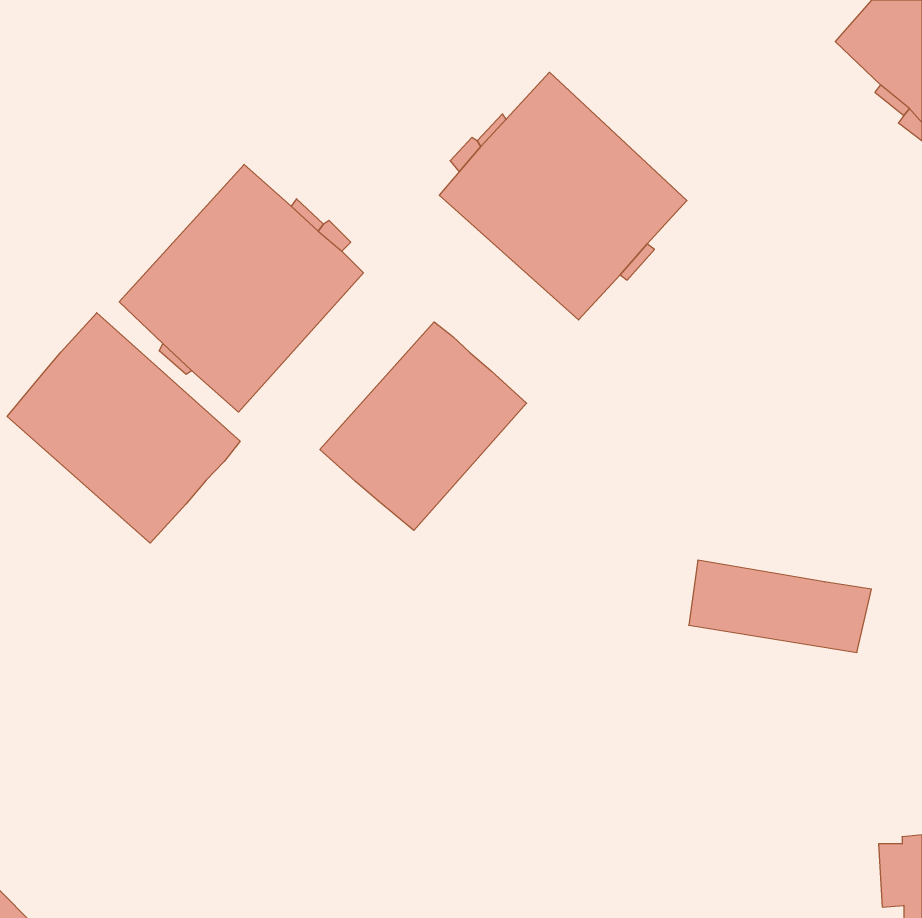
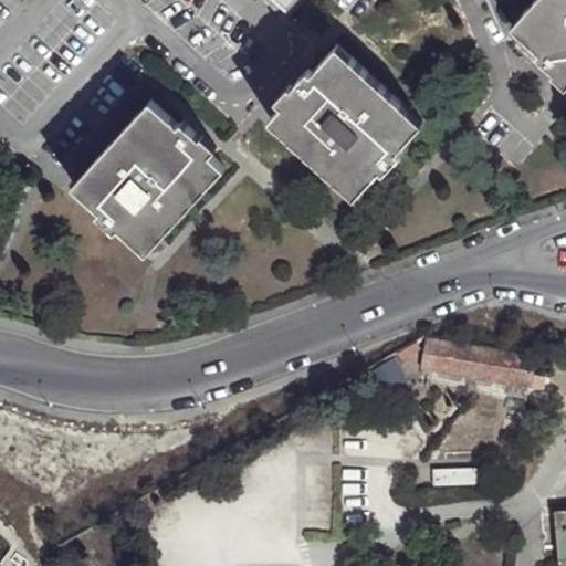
building: [7,313,240,543] -> none
building: [320,322,527,530] -> none

